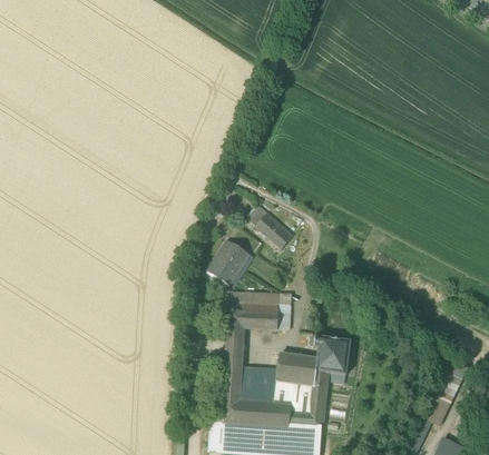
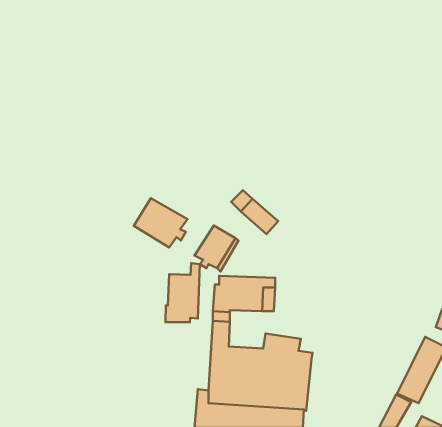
building: none -> [134,198,187,247]
building: none -> [166,263,200,322]
building: [310,336,350,375] -> none

